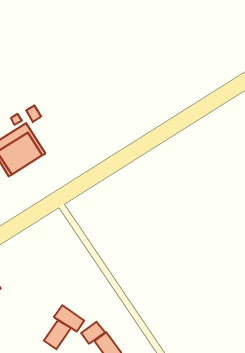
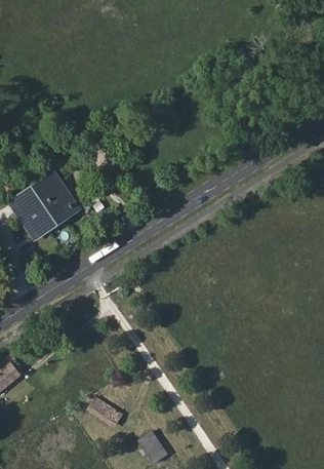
building: [44,320,71,349] -> none
building: [81,322,105,344] -> none

